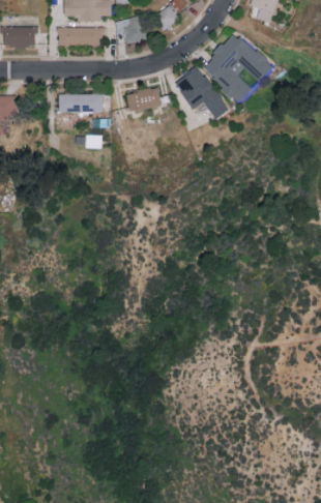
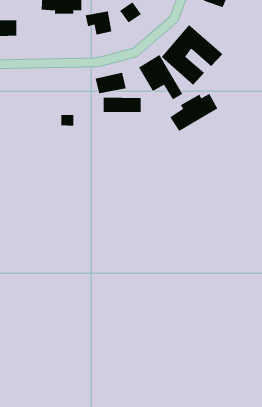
building: [58,28,104,46] -> none
building: [58,94,103,112] -> [103,97,141,112]
building: none -> [170,93,218,132]

